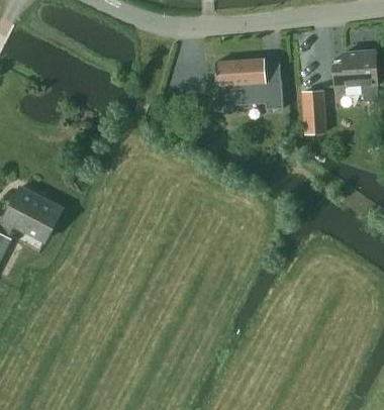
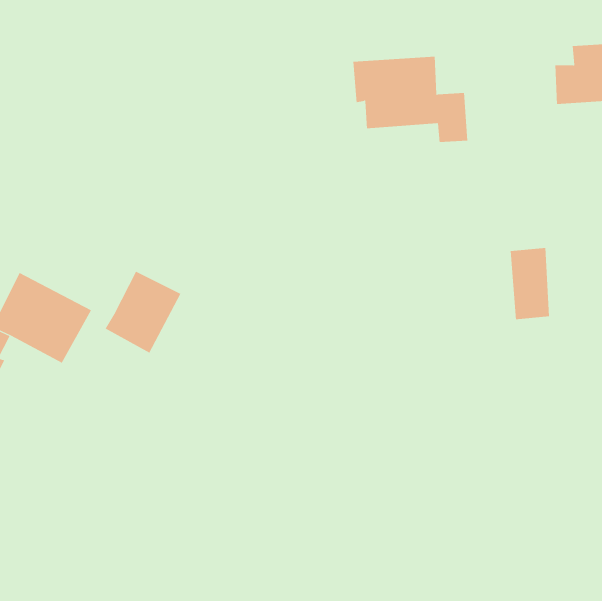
building: [301,92,324,134] -> [510,247,550,320]
building: none -> [105,271,181,353]

